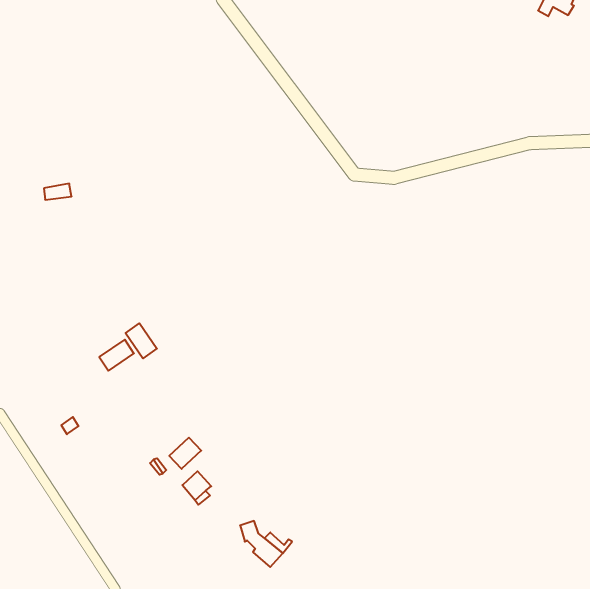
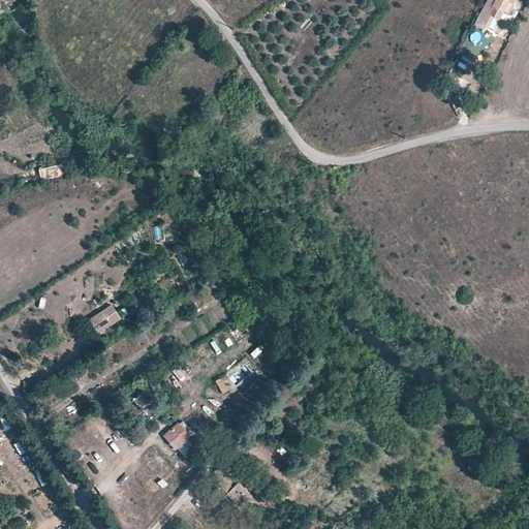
building: [126,323,157,358] -> none
building: [169,438,201,469] -> none

